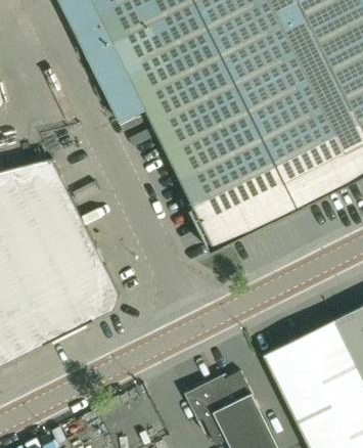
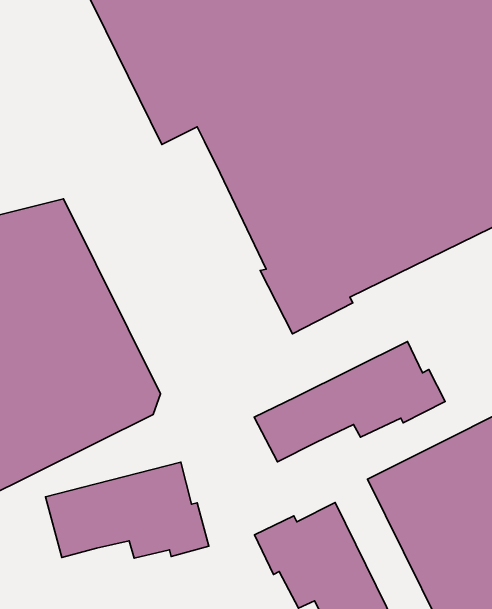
building: none -> [254,341,445,462]
building: none -> [45,462,209,558]

